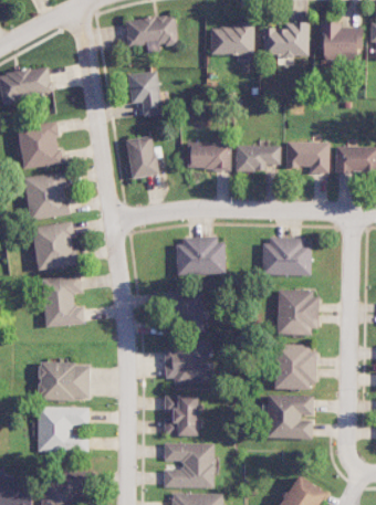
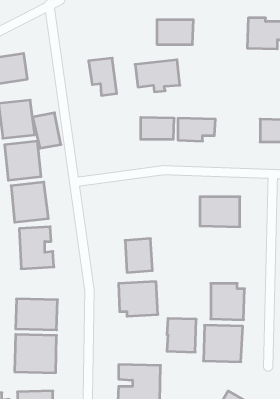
building: [124,14,178,53] -> [135,60,180,92]
building: [263,22,309,65] -> none
building: [124,136,158,179] -> [33,113,61,148]
building: [285,141,330,173] -> none
building: [176,239,226,275] -> none
building: [276,291,317,336] -> none
building: [164,396,199,436] -> [167,318,196,352]

